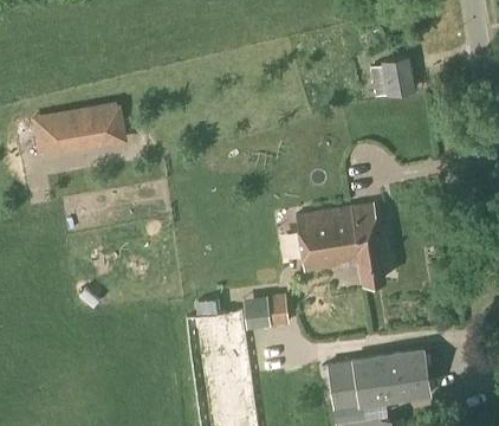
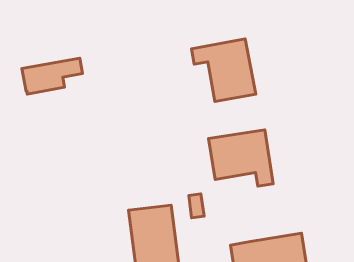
building: [371,59,414,97] -> none
building: none -> [191,39,256,102]

